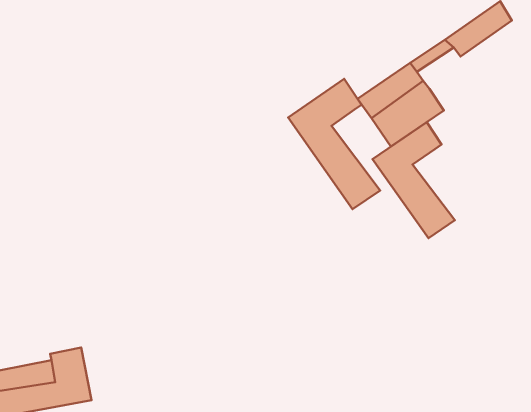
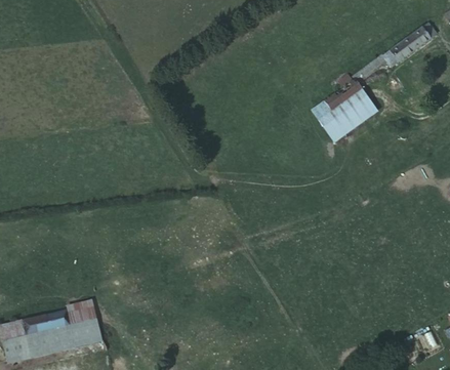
building: [288,79,380,209] -> none
building: [373,122,455,238] -> none

